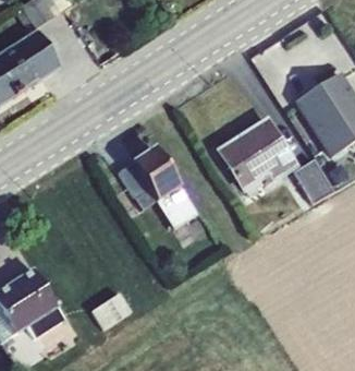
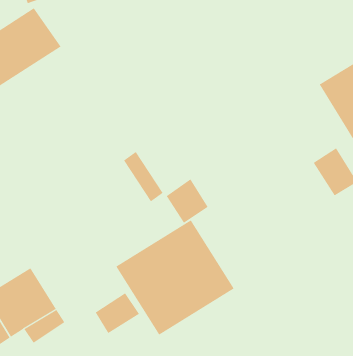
building: [216,116,297,189] -> none
building: [130,145,180,202] -> none
building: none -> [115,219,234,336]

